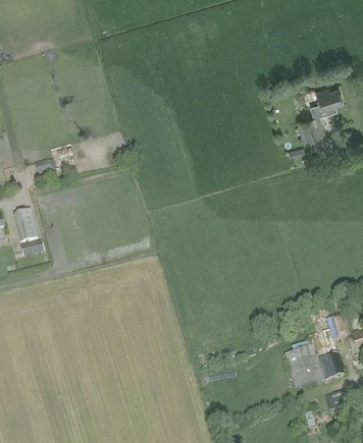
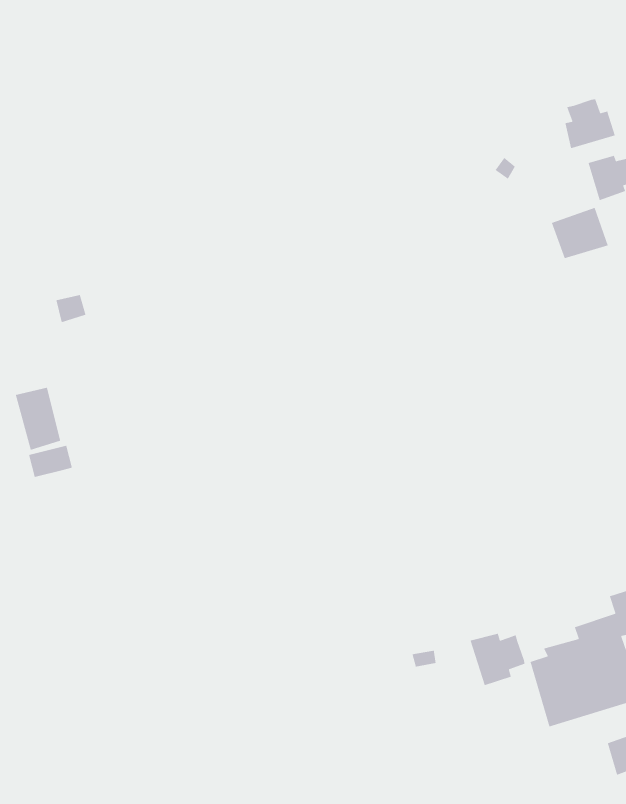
building: none -> [565,98,616,149]
building: none -> [470,633,525,686]

